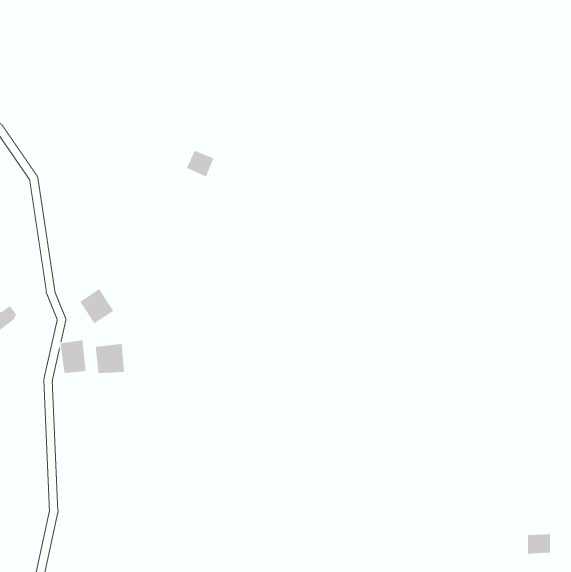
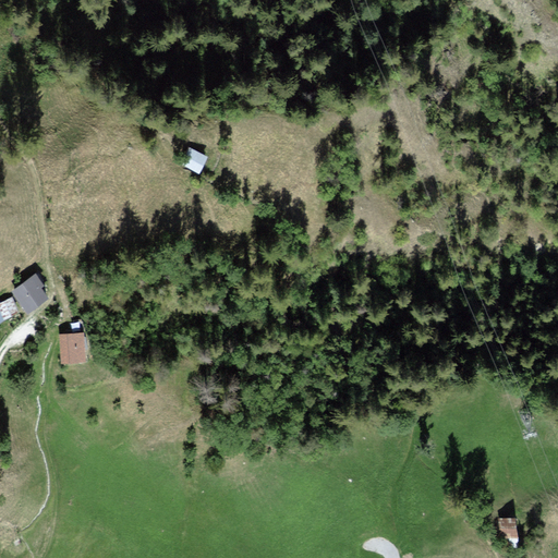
building: [79,288,114,324] -> [12,277,46,312]
building: [95,343,125,374] -> none

